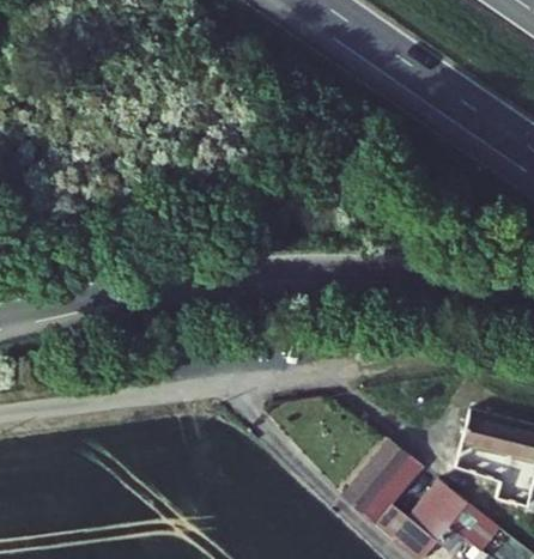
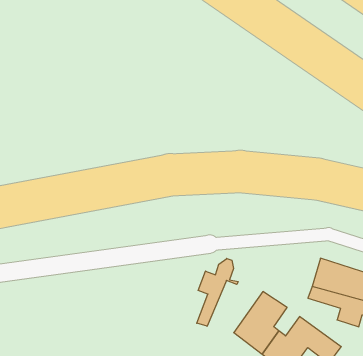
building: none -> [197,258,238,326]

